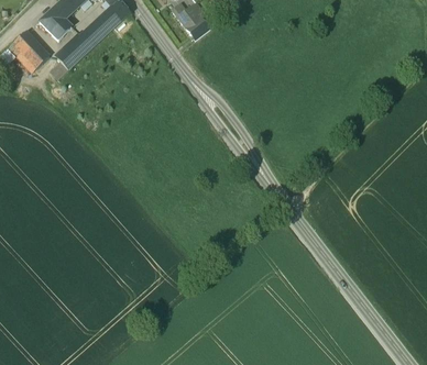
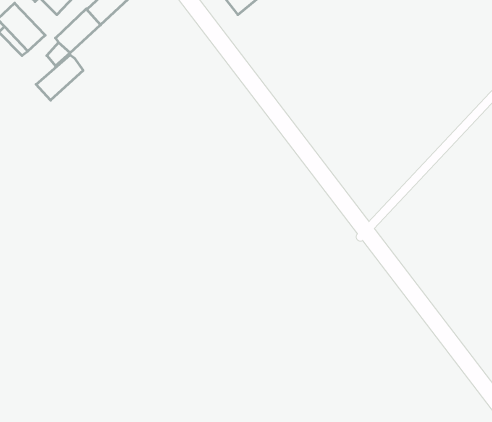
building: none -> [36,55,83,100]

